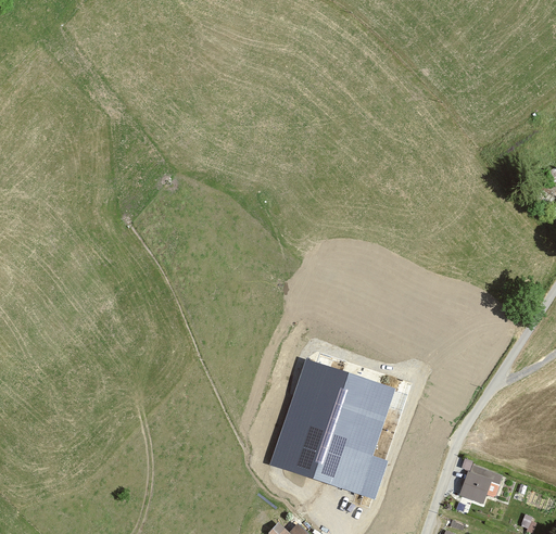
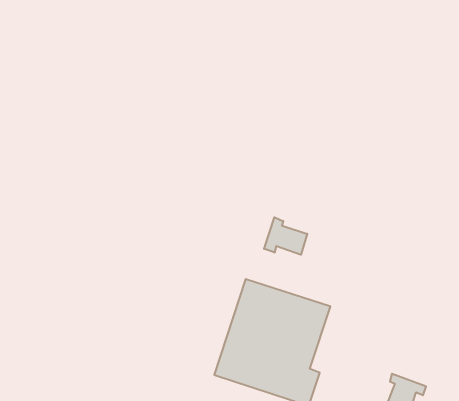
building: none -> [264,217,307,255]

